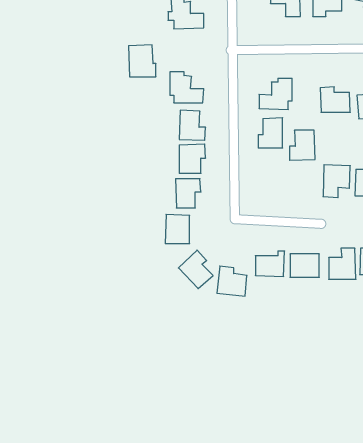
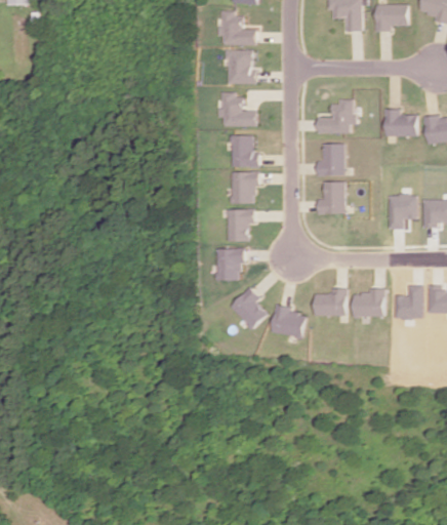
building: [129,45,156,77] -> [227,49,256,84]
building: [290,130,315,160] -> [317,181,344,214]

